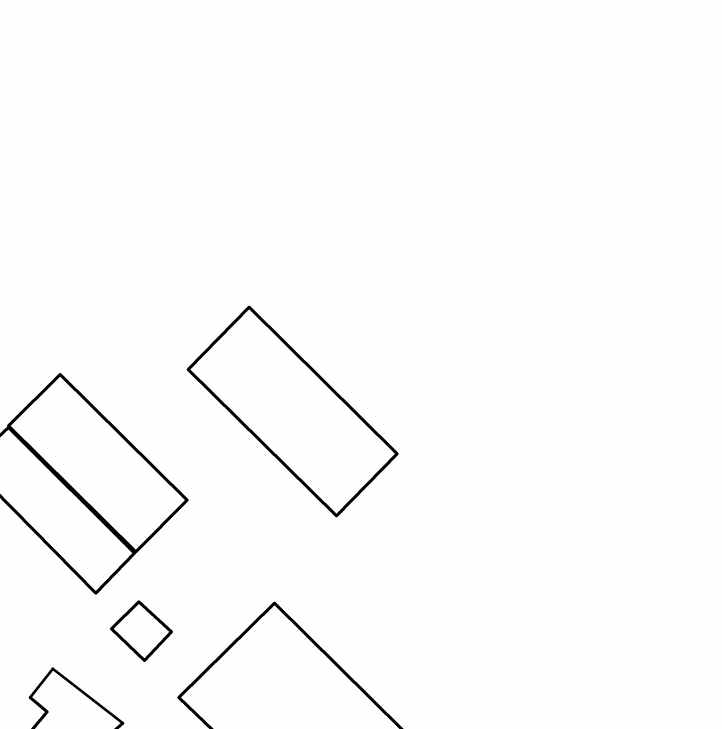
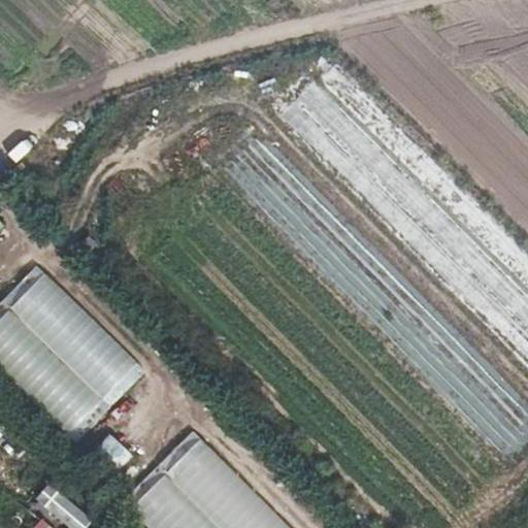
building: [188,307,397,516] -> none

